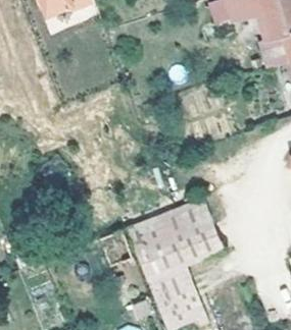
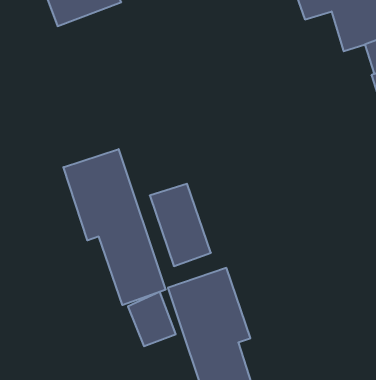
building: none -> [63,149,166,305]
building: [175,201,222,264] -> [150,184,211,266]

